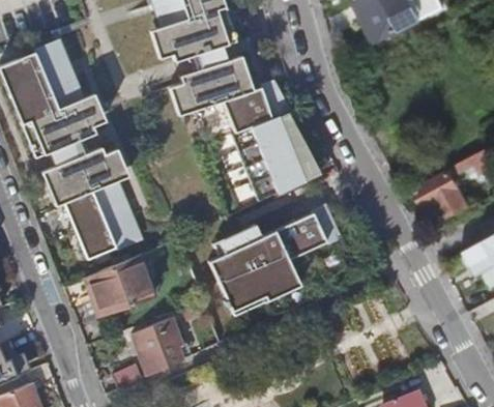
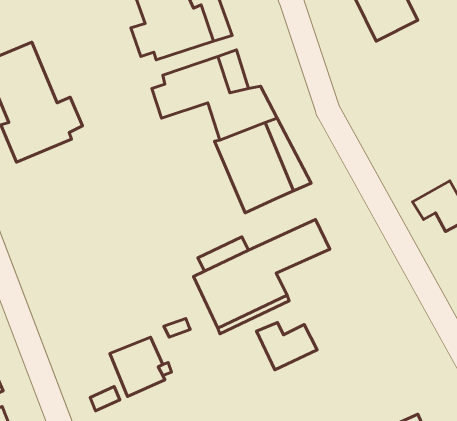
building: [48,145,137,258] -> none
building: [85,255,151,315] -> none
building: none -> [256,322,317,370]

